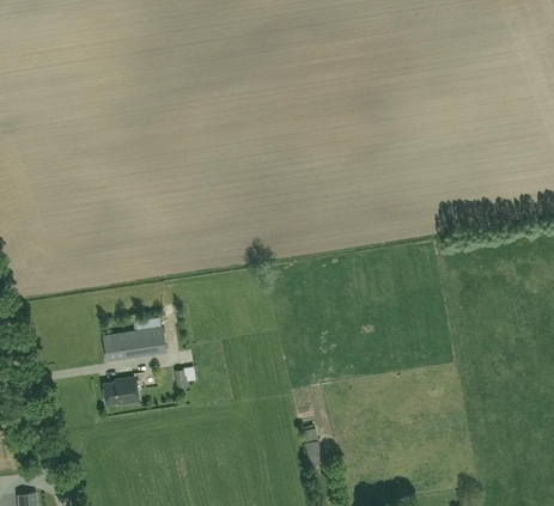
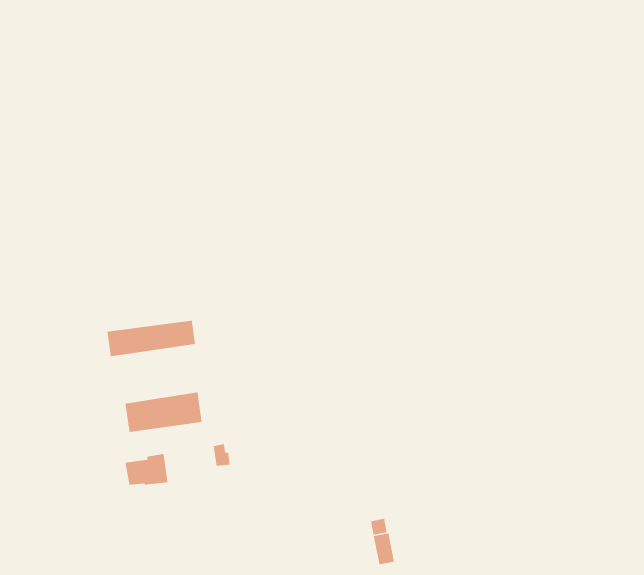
building: none -> [106,320,196,357]

